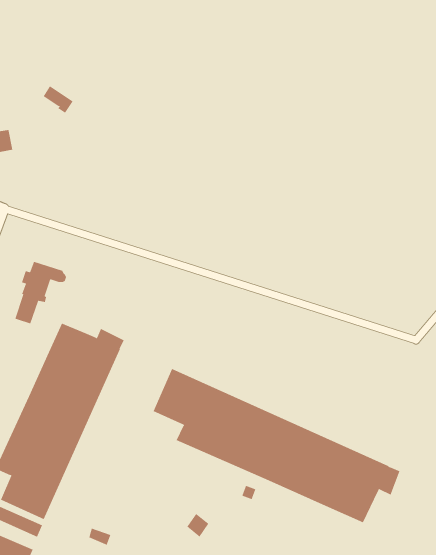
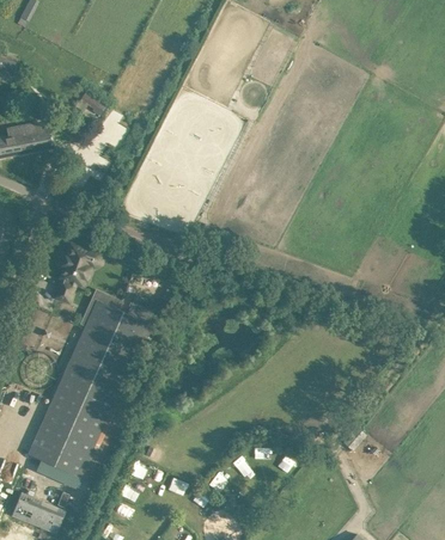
building: [153,368,400,523] -> none

